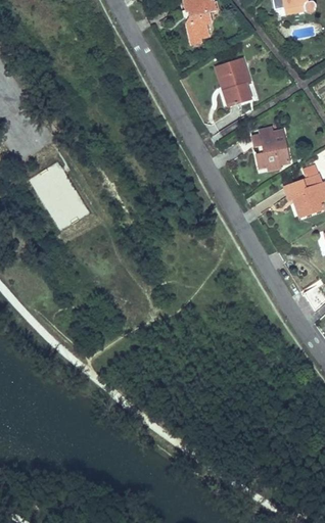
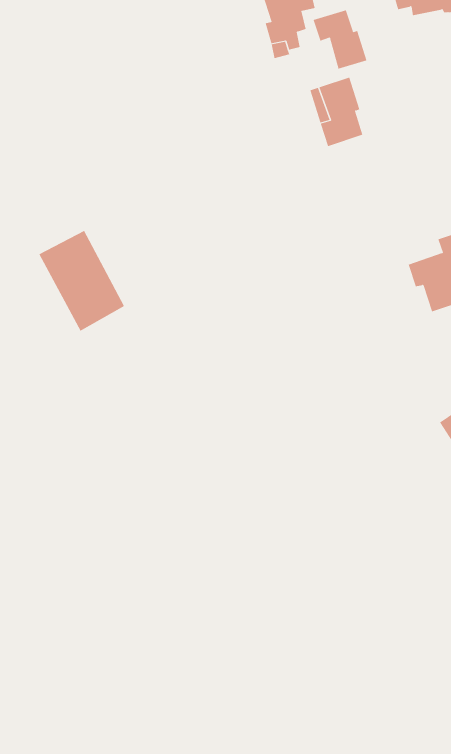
building: none -> [313,9,367,70]
building: [252,126,289,169] -> none

